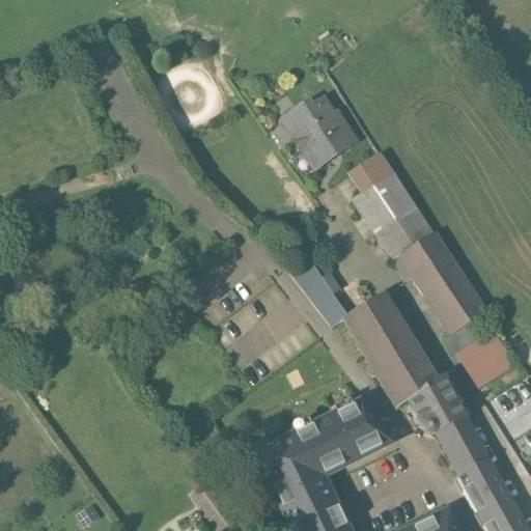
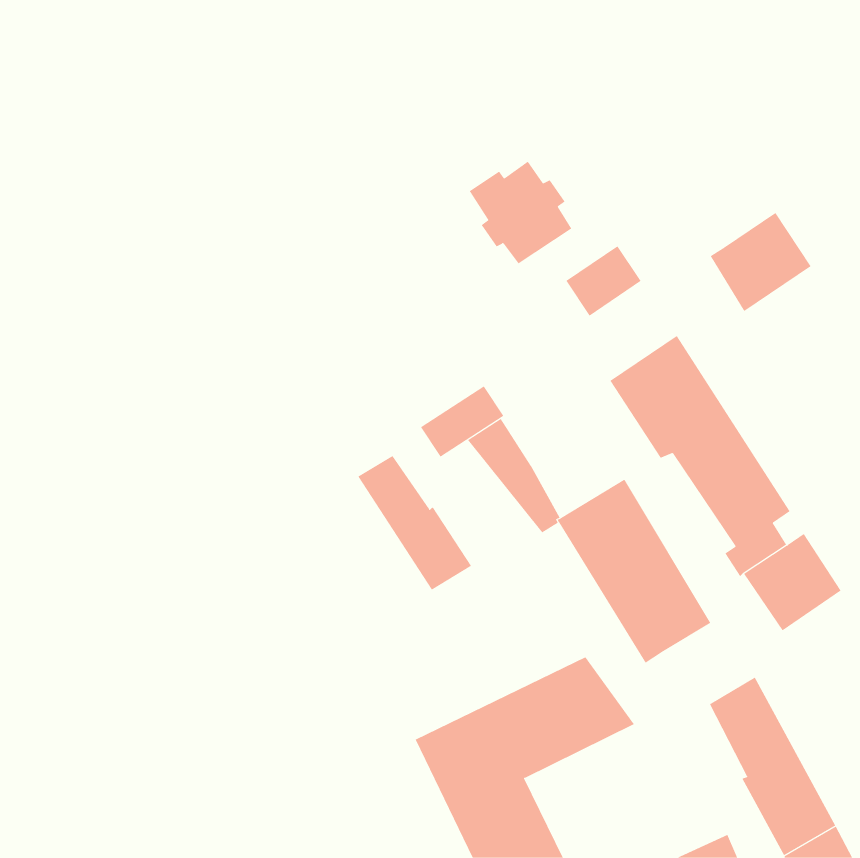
building: [356,172,418,233] -> [710,212,811,312]
building: none -> [420,386,504,457]
building: none -> [357,455,472,590]
building: [410,378,466,434] -> none

